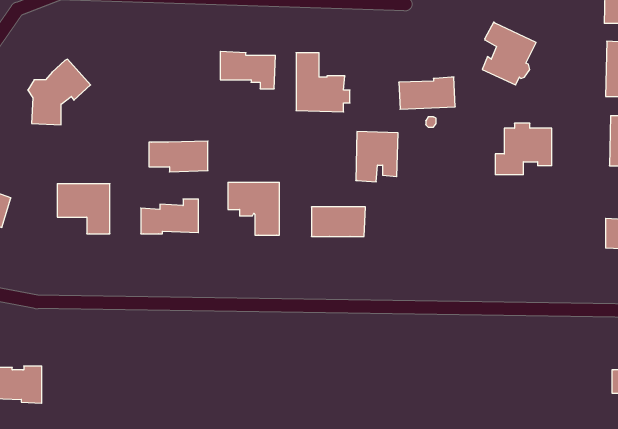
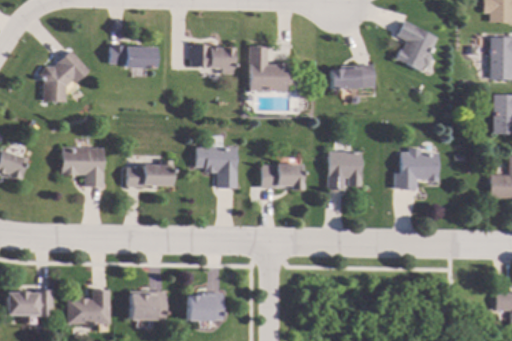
building: [495,123,552,175] -> [394,148,438,188]
building: [356,132,398,182] -> [328,151,361,190]
building: [149,141,208,172] -> [109,43,155,67]
building: none -> [66,289,109,322]
building: none -> [129,291,164,320]
building: none -> [186,292,222,321]

